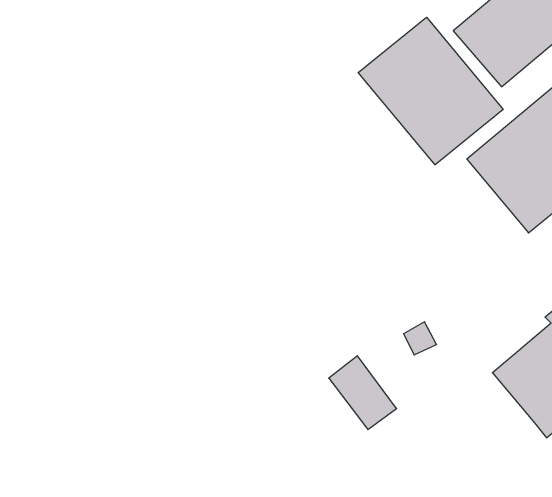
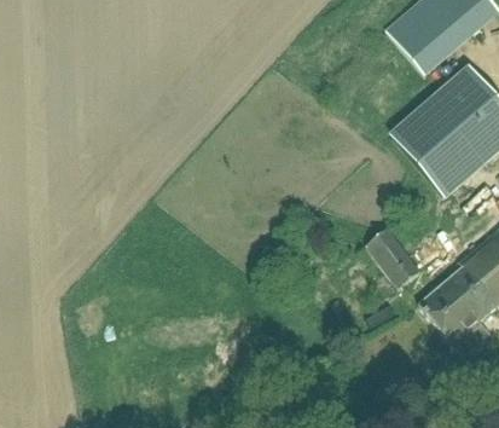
building: [358,17,503,165] -> none
building: [329,356,397,430] -> [365,227,419,287]

